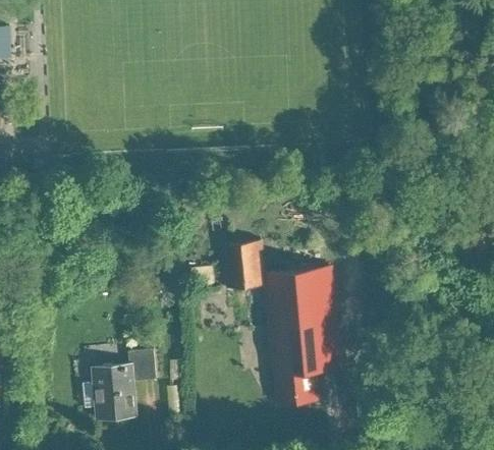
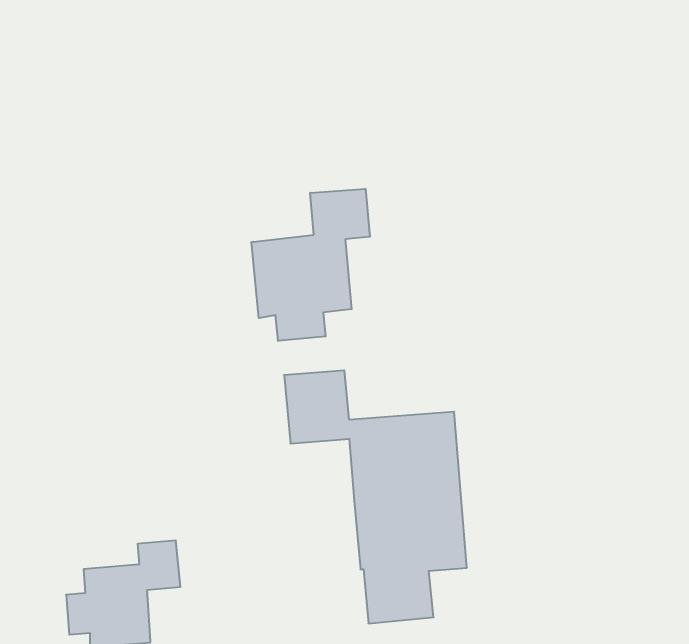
building: none -> [251,189,370,341]

